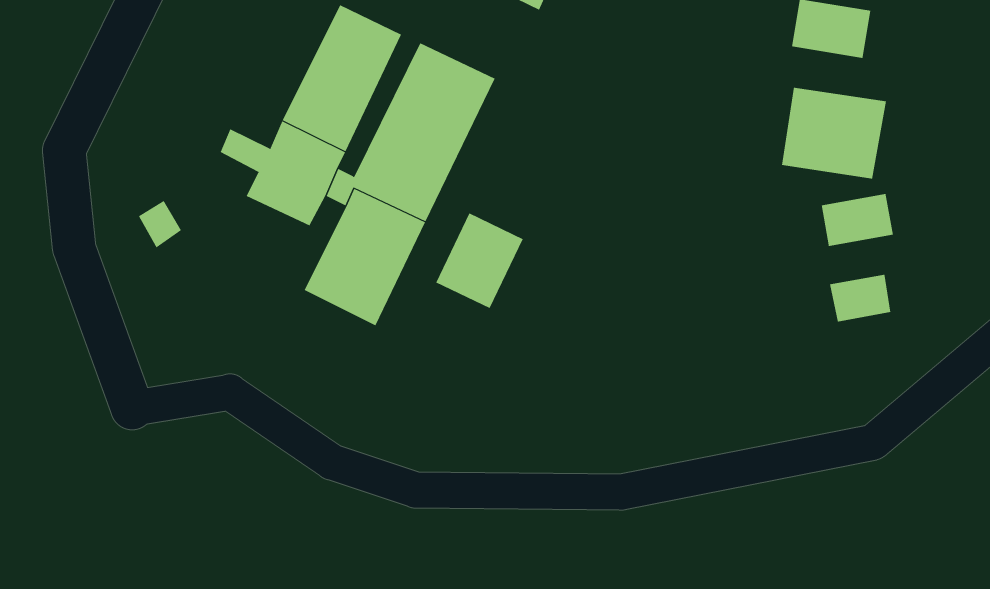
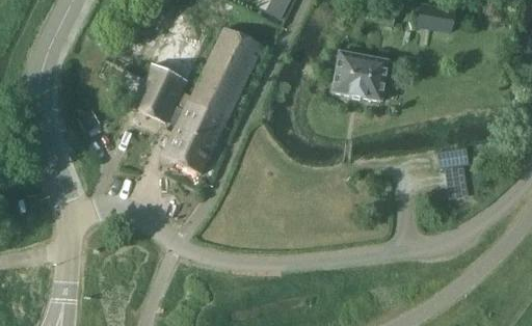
building: [781,87,887,179] -> [332,52,388,100]
building: [821,193,893,247] -> none
building: [435,213,524,309] -> none

